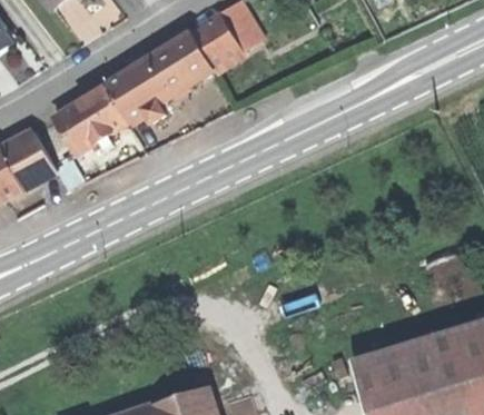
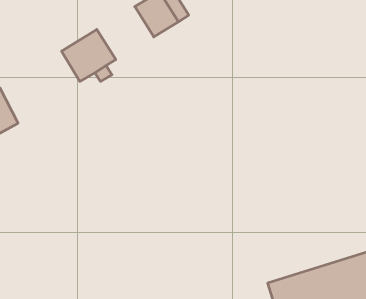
building: [148,34,215,97] -> none
building: [56,87,128,154] -> none

